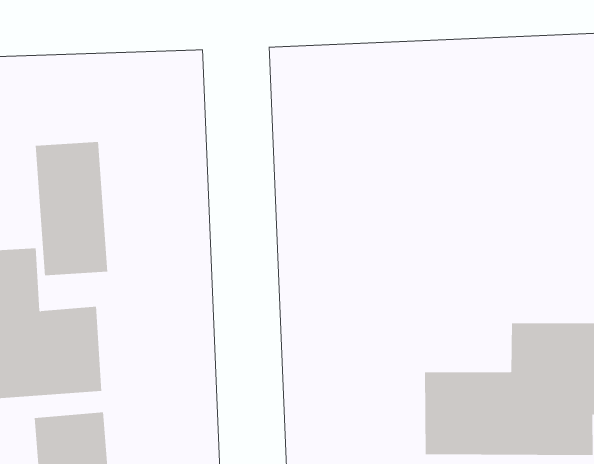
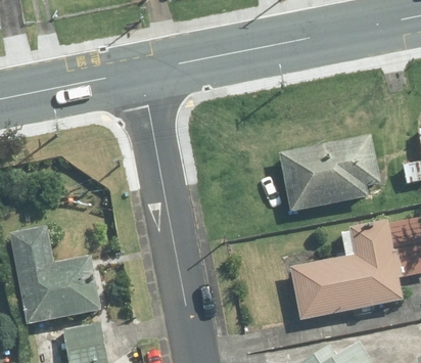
building: [35,141,108,276] -> none
building: none -> [283,134,379,210]

